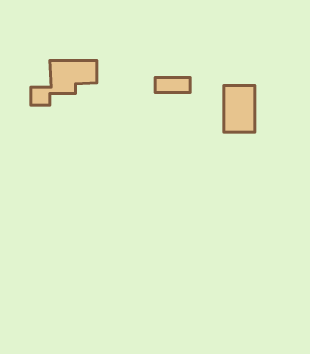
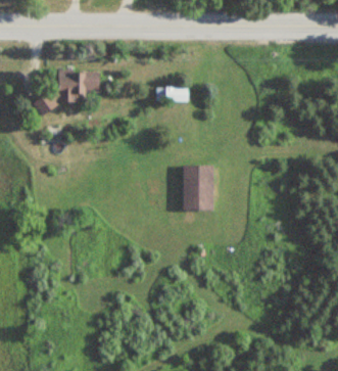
building: [224,86,255,132] -> [184,165,213,210]

